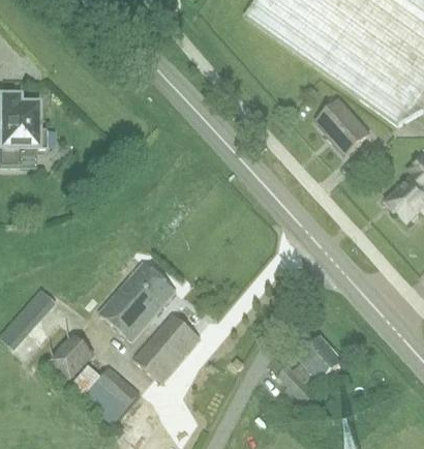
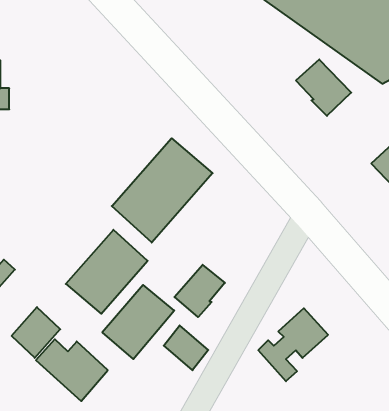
building: none -> [112,138,213,243]
building: none -> [174,265,225,317]
building: none -> [164,325,208,370]

